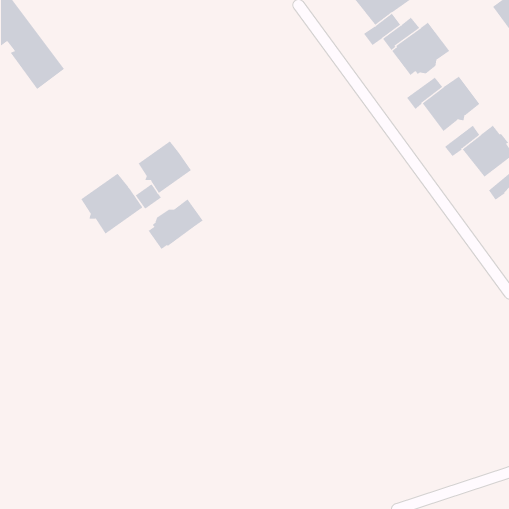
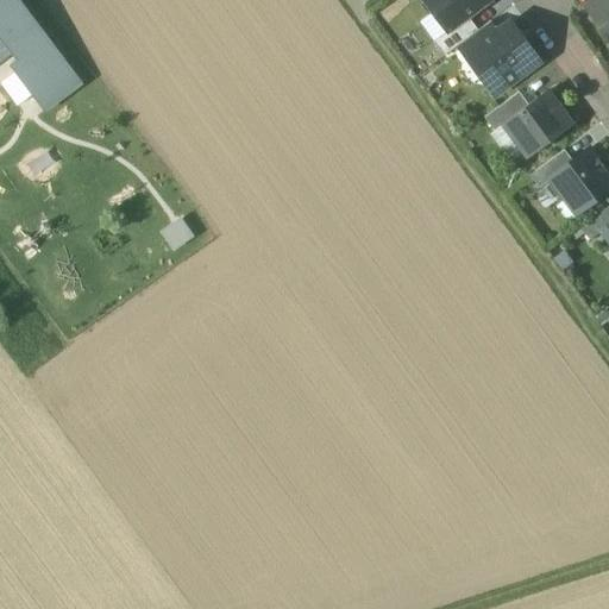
building: [138,141,191,194] -> none
building: [81,173,143,234] -> none
building: [148,199,203,250] -> none

